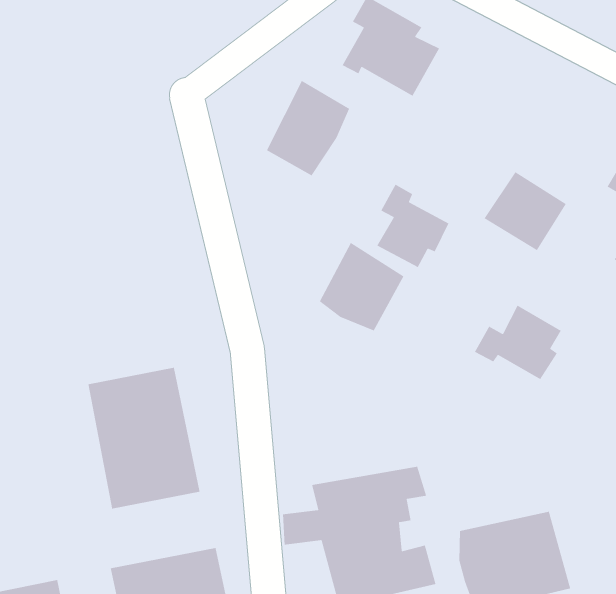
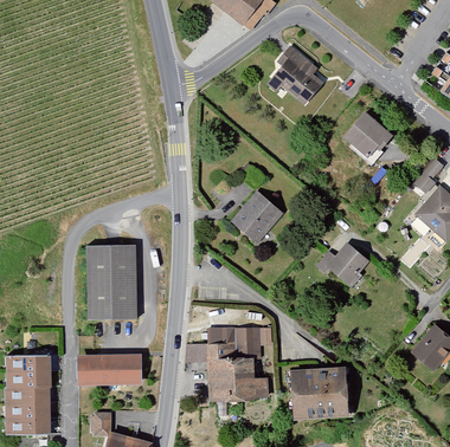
building: [266,80,350,176] -> none
building: [483,171,567,251] -> [342,111,393,161]
building: [376,183,450,268] -> none

